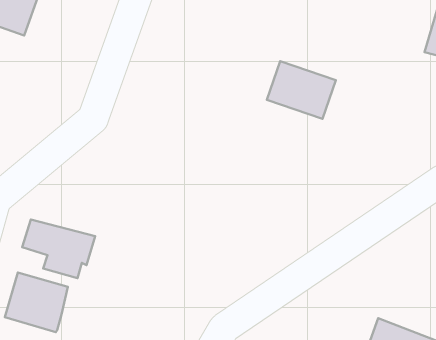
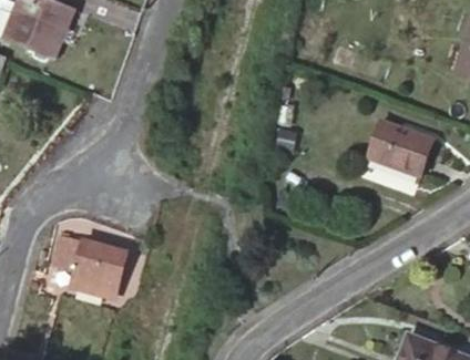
building: [267,61,336,119] -> [370,122,439,179]
building: [5,273,68,332] -> none

